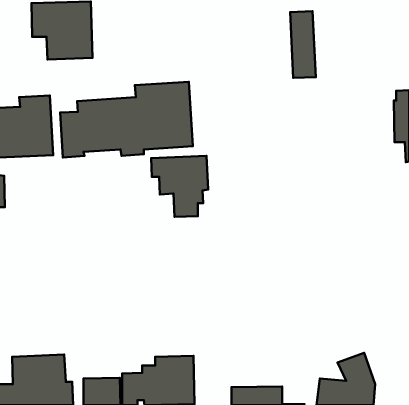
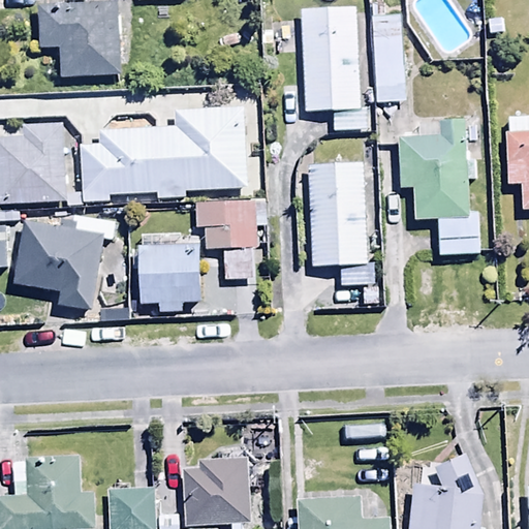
building: none -> [302,9,368,131]
building: none -> [399,121,478,254]
building: none -> [308,162,379,303]
building: none -> [15,213,118,311]
building: none -> [141,244,203,311]

